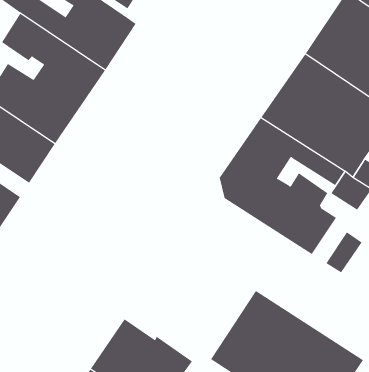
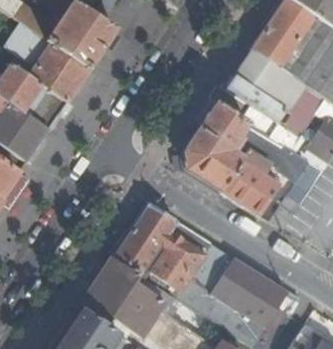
building: none -> [111,205,212,302]

